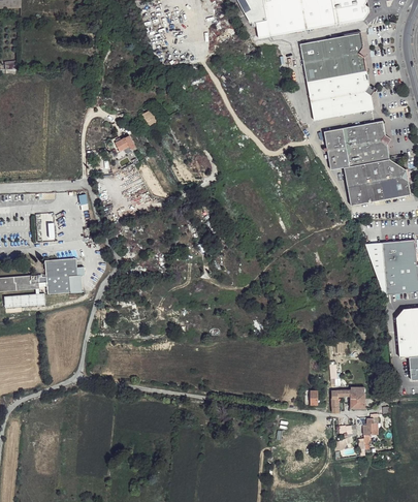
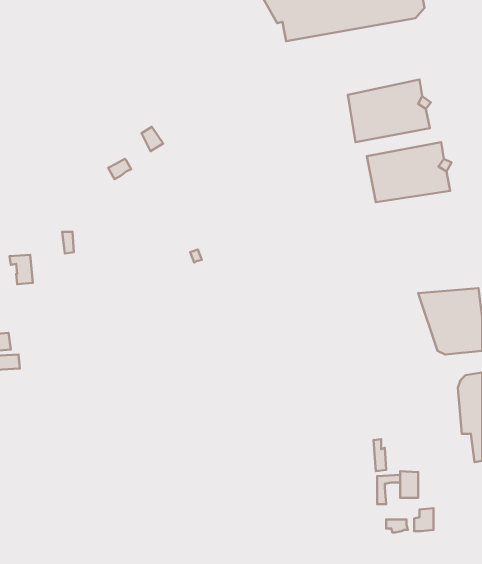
building: [299,33,365,83] -> none
building: [343,160,410,205] -> none
building: [44,257,84,293] -> none

